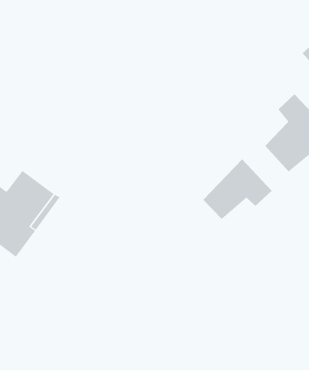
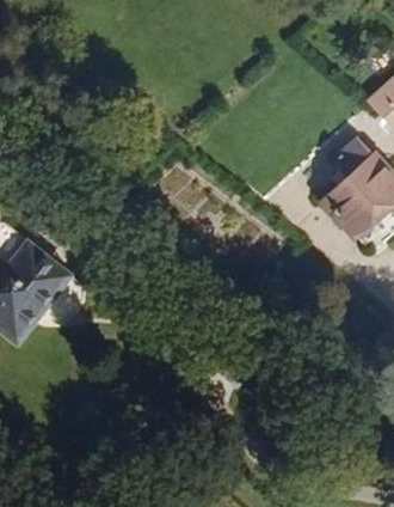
building: [203,158,272,220] -> none

